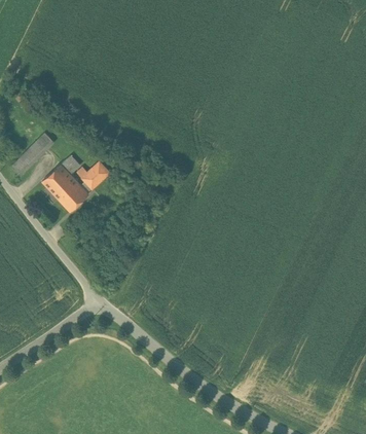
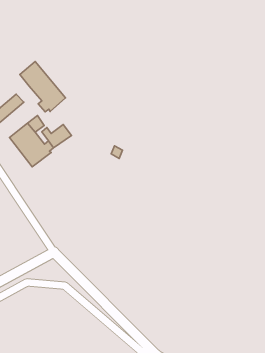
building: none -> [20,62,66,112]

